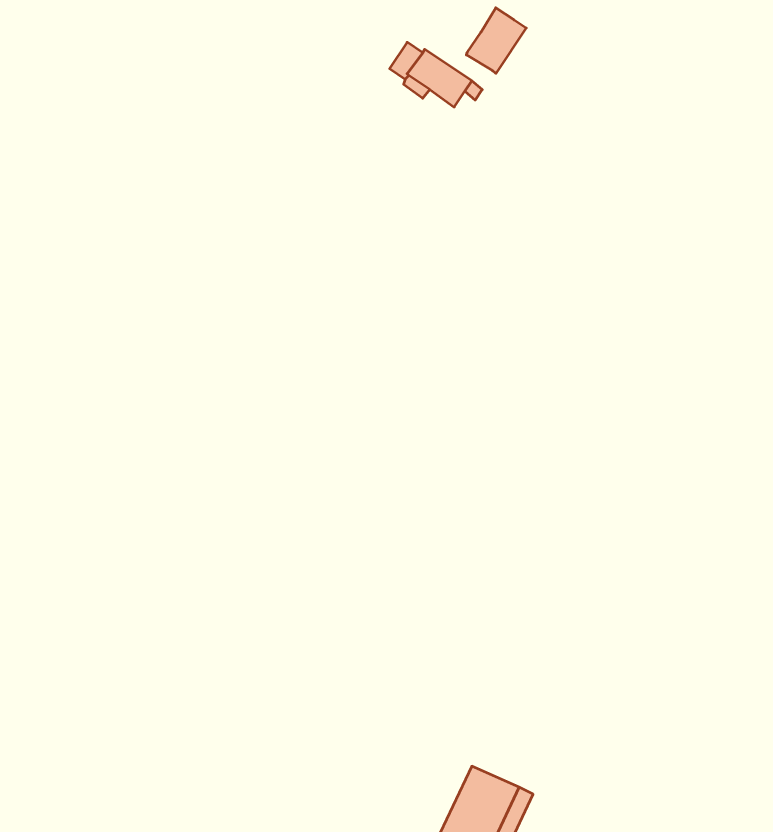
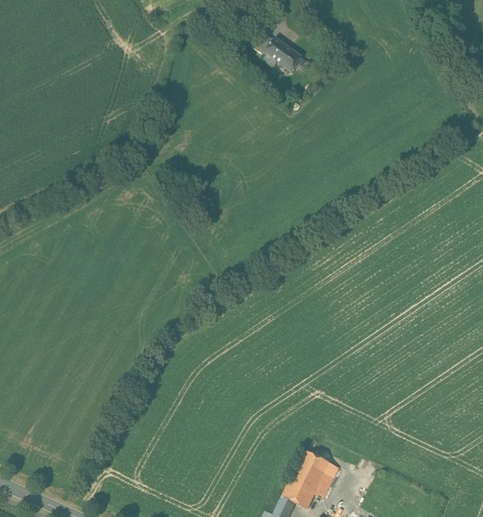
building: [466,8,526,73] -> none

